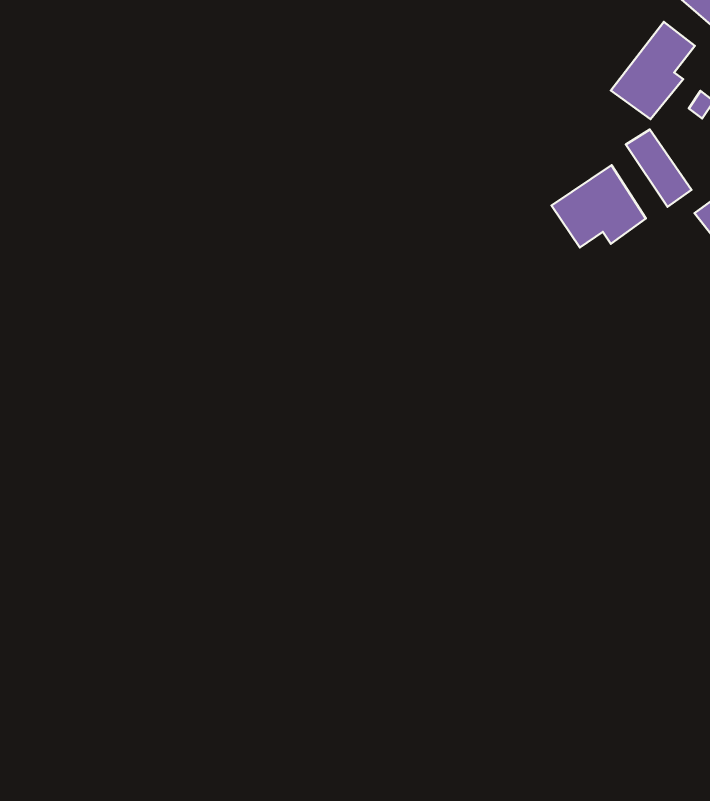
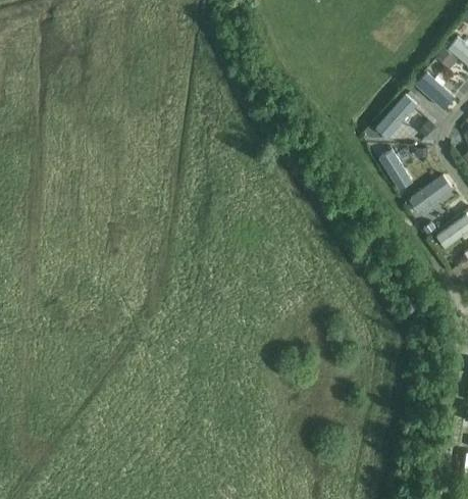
building: [552,165,646,247] -> none

